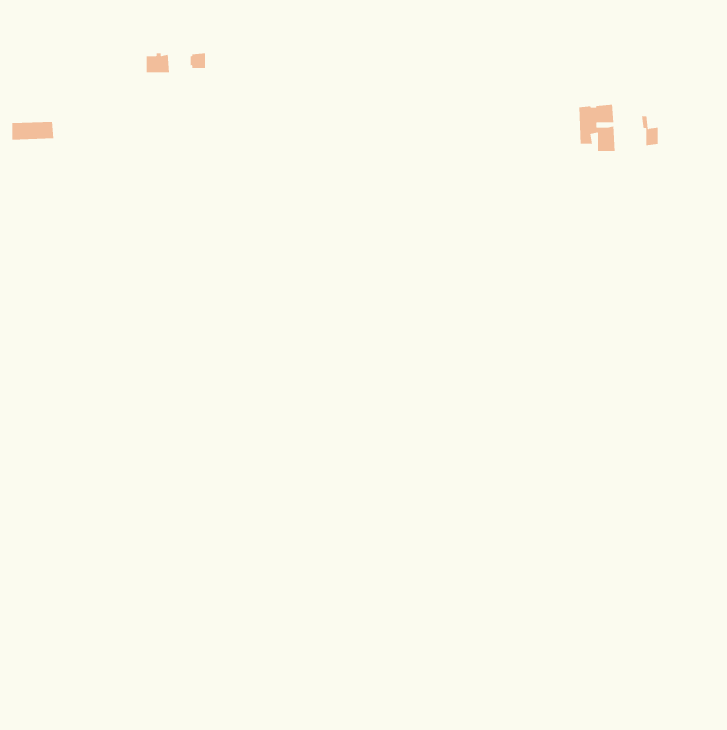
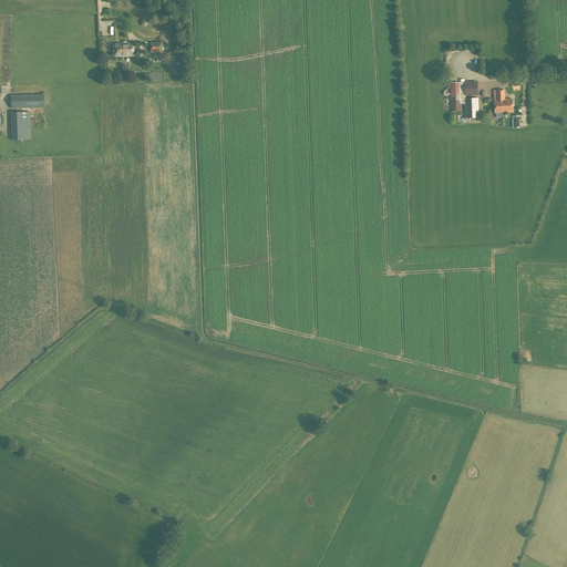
building: none -> [9,112,29,140]

